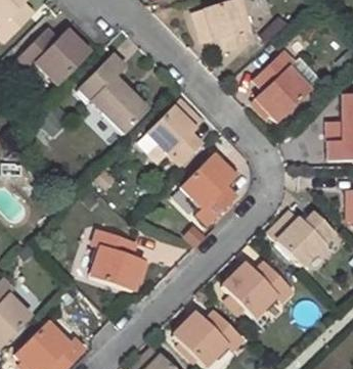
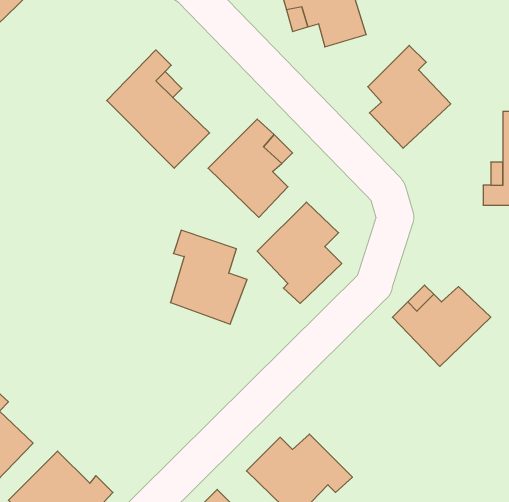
building: [19,28,90,84] -> none
building: [93,229,144,291] -> [170,230,247,324]
building: [221,262,293,319] -> none

